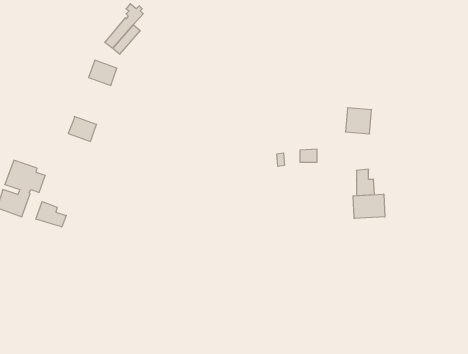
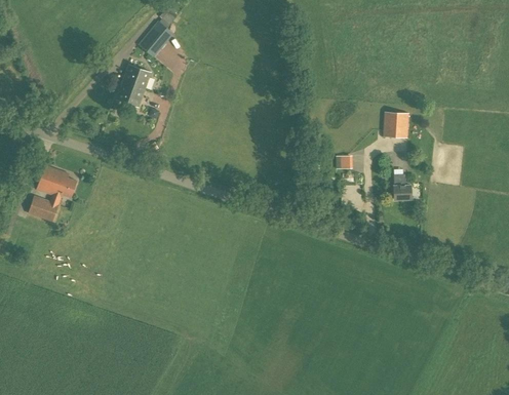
building: [68,116,97,142] -> [116,81,145,107]
building: [353,194,385,219] -> none
building: [36,202,66,227] -> none

